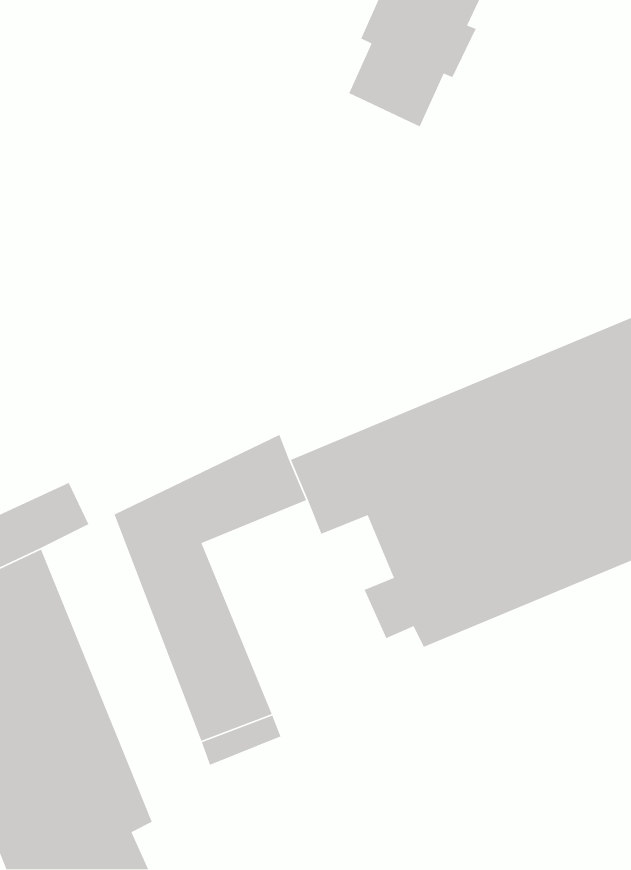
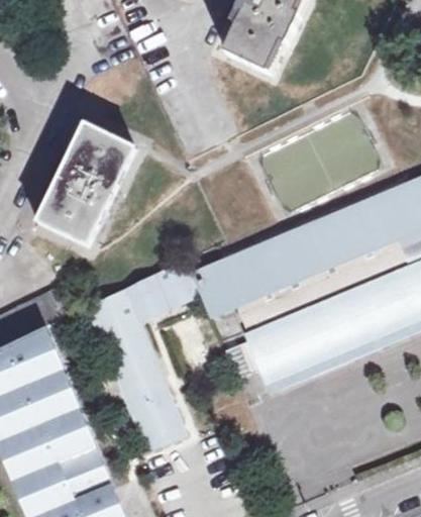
building: none -> [36,123,135,247]

